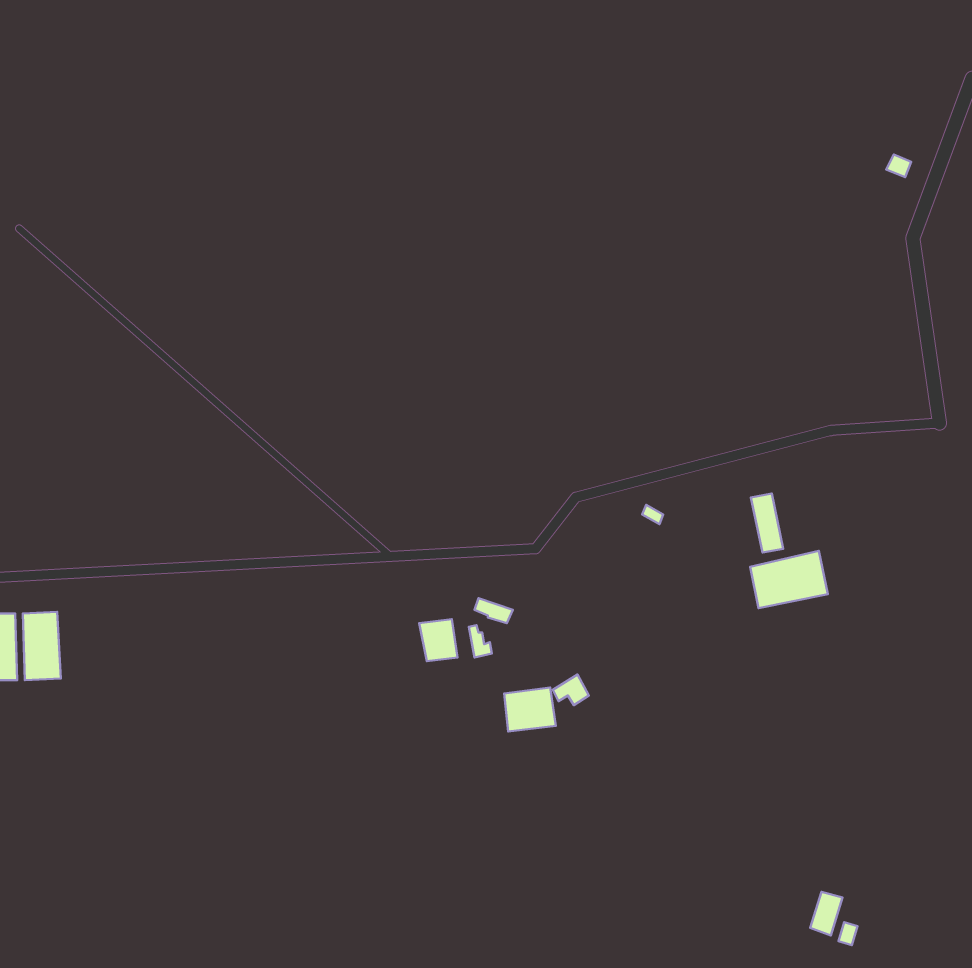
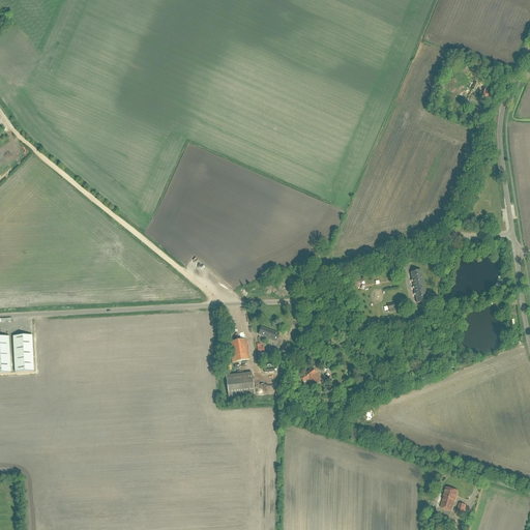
building: [750,551,828,608] -> none
building: [504,688,556,731] -> [228,371,256,394]

